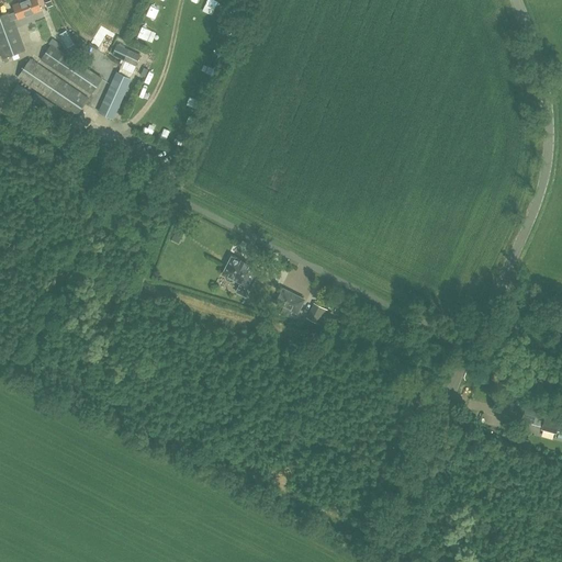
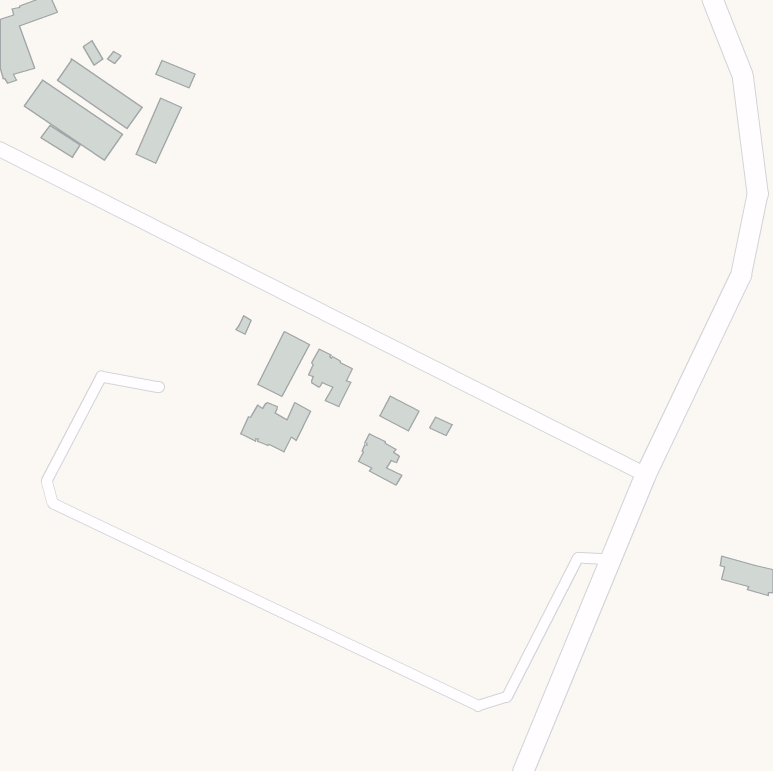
building: none -> [258,332,309,396]
building: none -> [241,403,311,452]
building: none -> [359,434,402,485]

